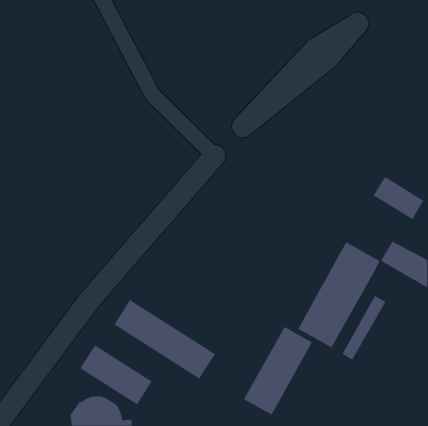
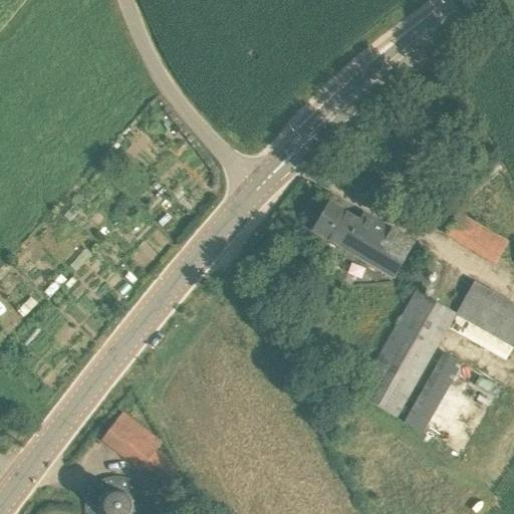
building: none -> [313,202,415,276]
building: [114,299,215,379] -> none
building: [243,326,313,415] -> none

